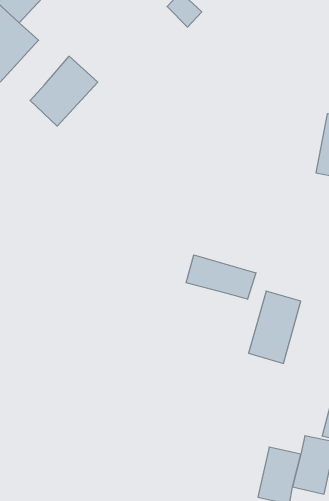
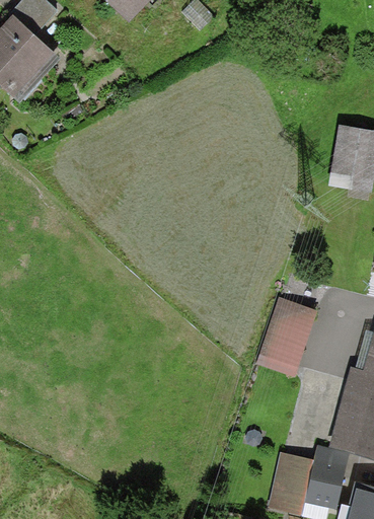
building: [30,56,98,126] -> none
building: [186,255,256,299] -> none

